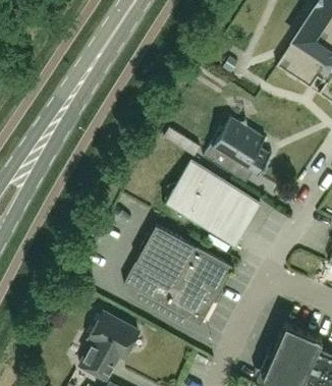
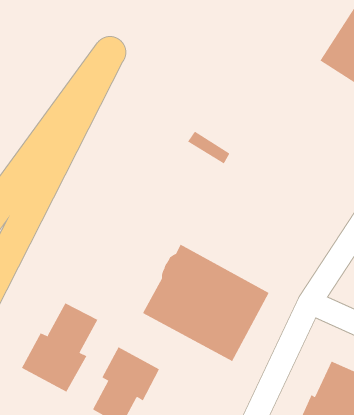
building: [203,116,271,175] -> none
building: [163,162,260,249] -> none
building: none -> [21,302,98,393]

